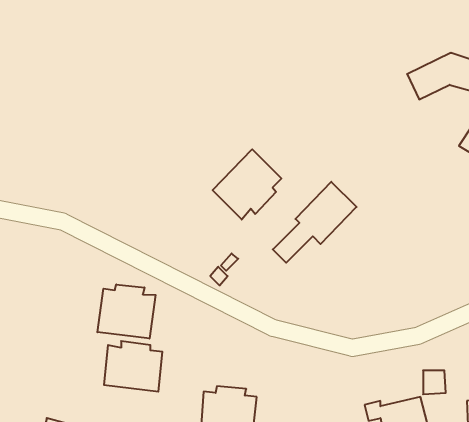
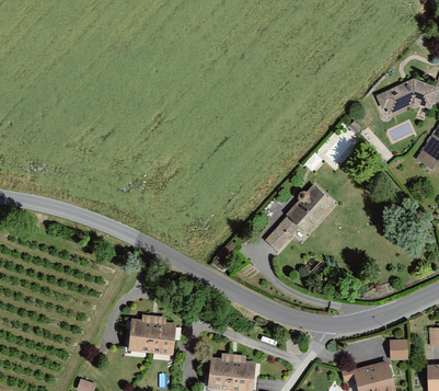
building: [213,149,281,220] -> none
building: [97,284,156,339] -> none

